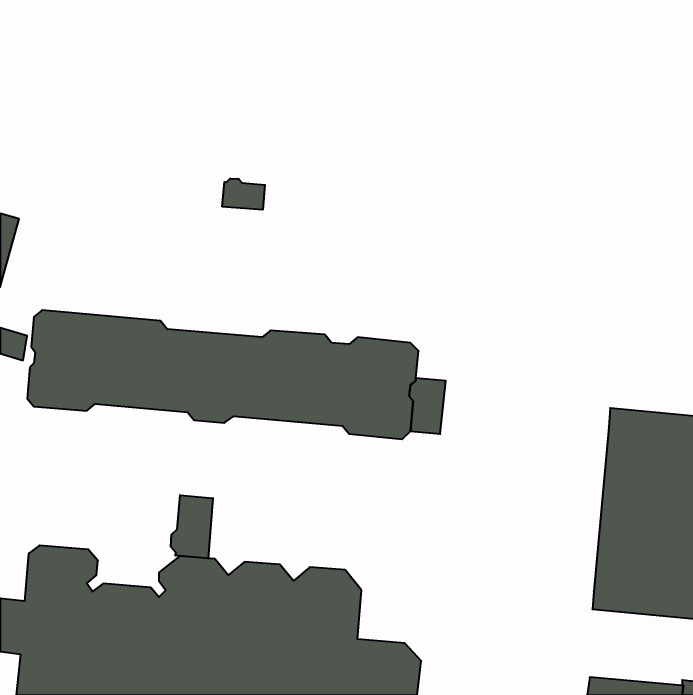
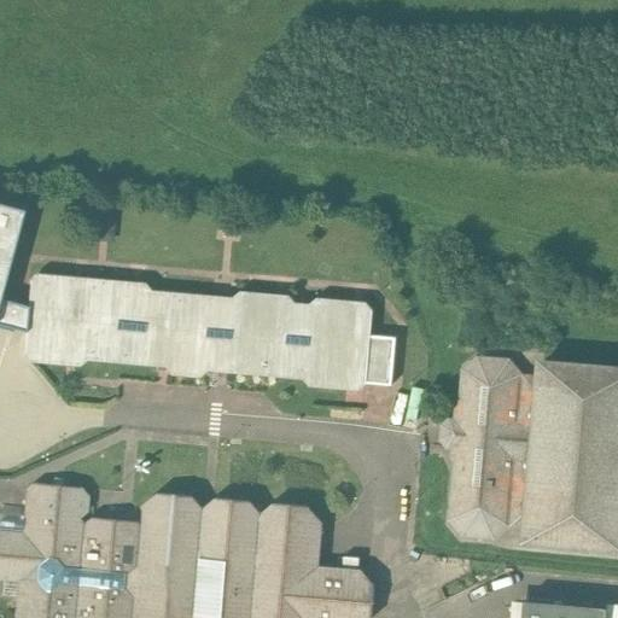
building: [222,178,265,210] -> none
building: none -> [445,358,542,537]
building: [171,495,213,559] -> none

